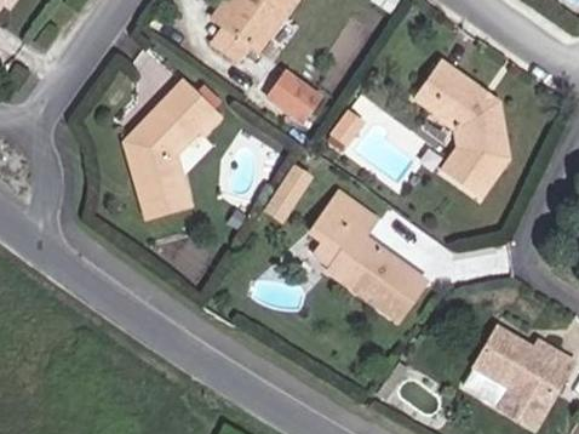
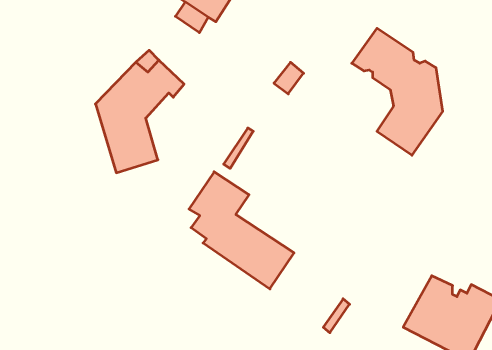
building: [266,70,325,122] -> none
building: [305,190,422,320] -> [189,172,294,289]

